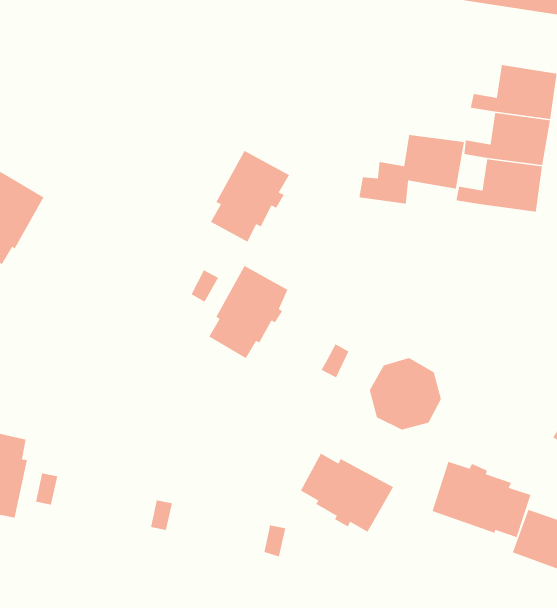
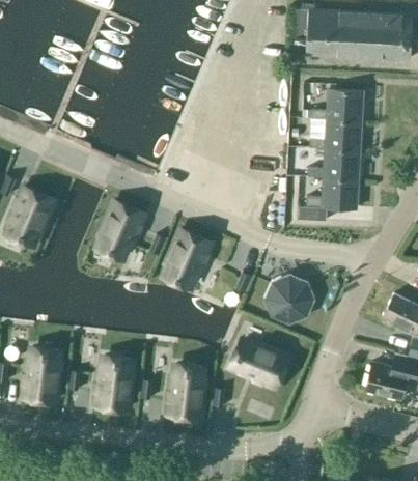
building: [358,134,465,204] -> [297,178,359,222]
building: [210,150,290,243] -> [97,202,144,259]
building: none -> [94,358,132,411]
building: [431,461,531,538] -> none
building: none -> [167,365,204,418]

